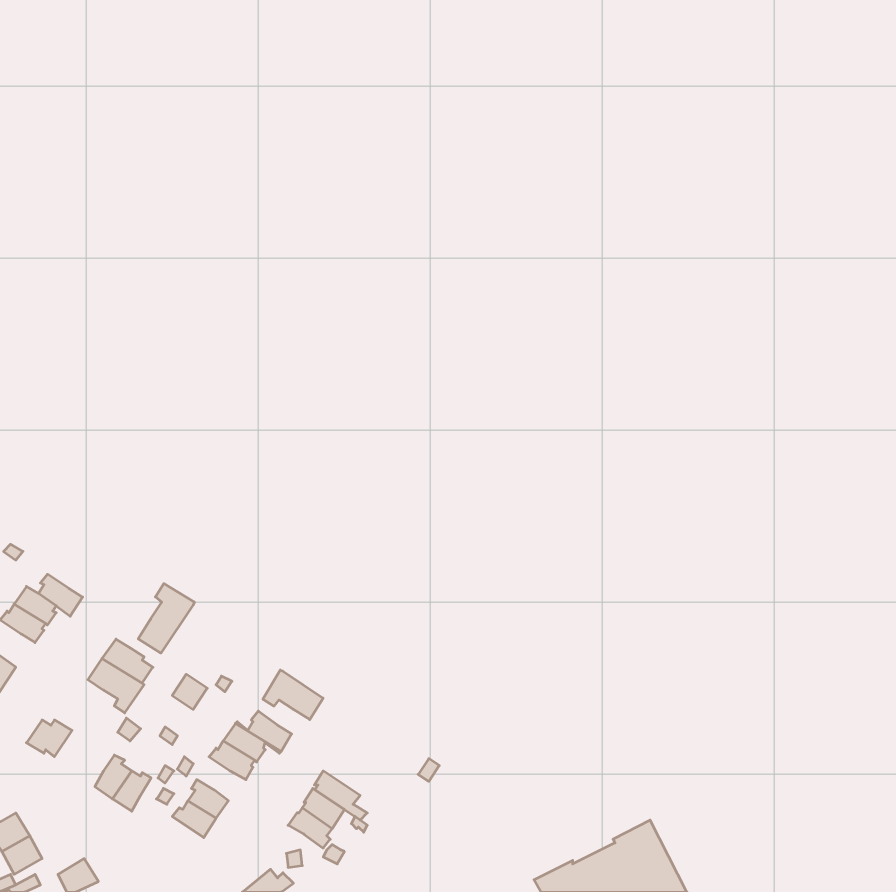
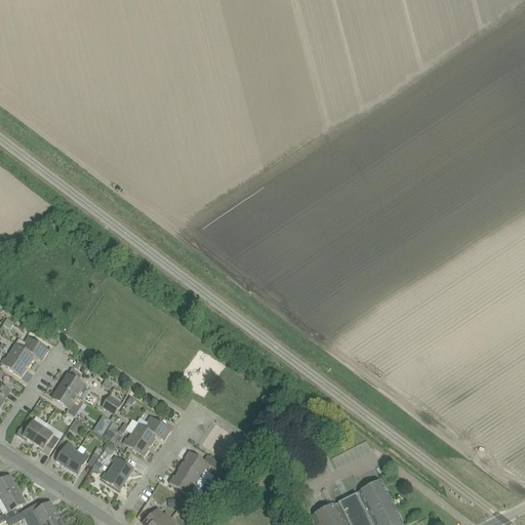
building: [138,584,194,653] -> none
building: [263,670,323,720] -> none
building: none -> [32,421,58,454]

